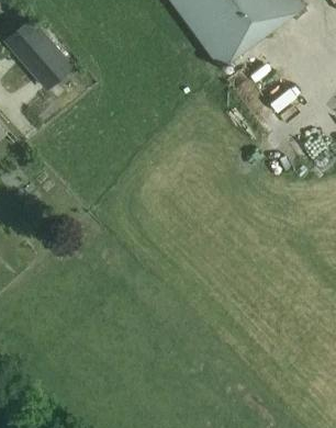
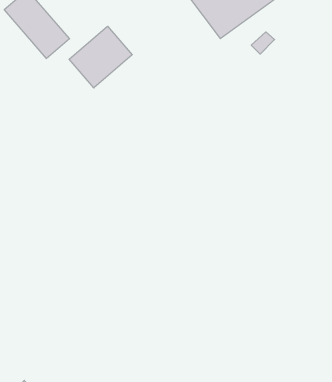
building: none -> [69,26,132,88]

